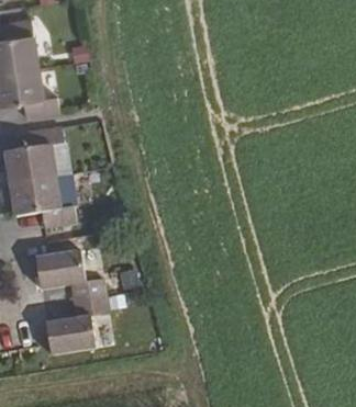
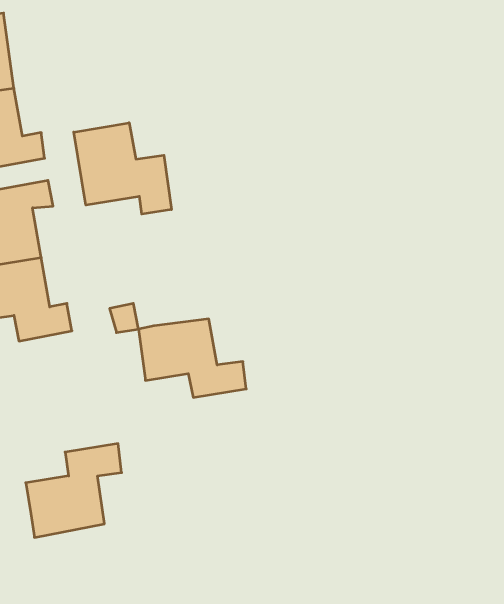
building: none -> [74,123,171,214]
building: [35,250,104,301] -> [139,319,246,397]

